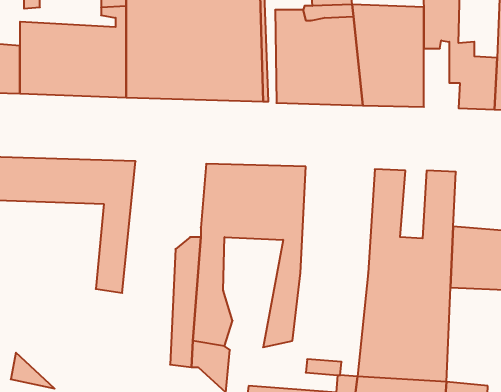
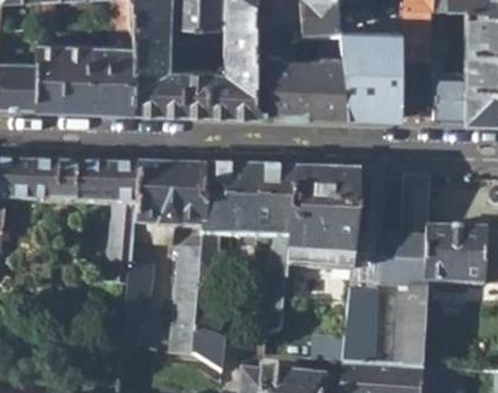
building: none -> [121,169,203,350]
building: none -> [288,174,355,270]

